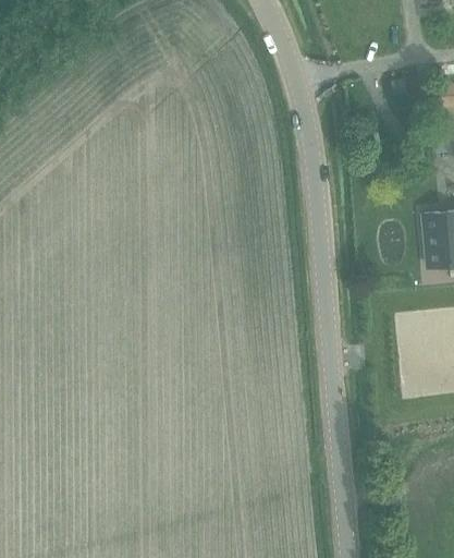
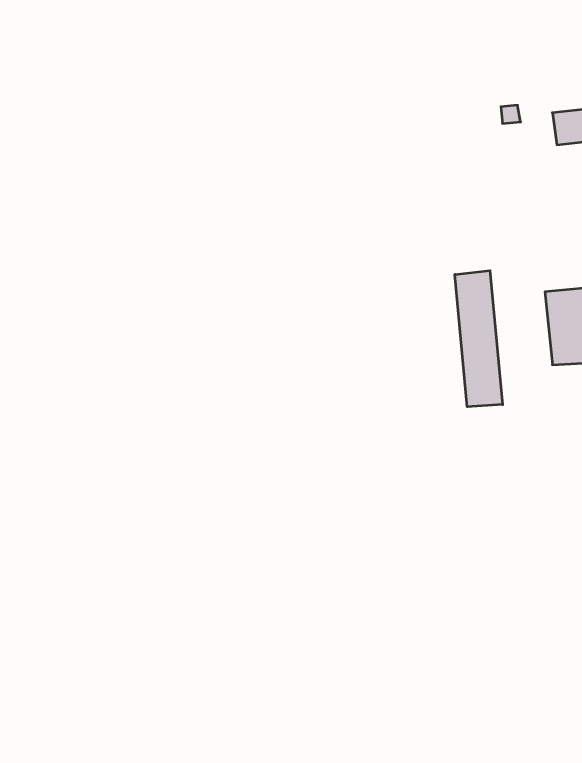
building: none -> [455,271,503,407]

